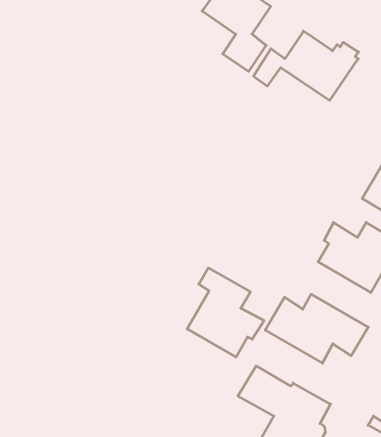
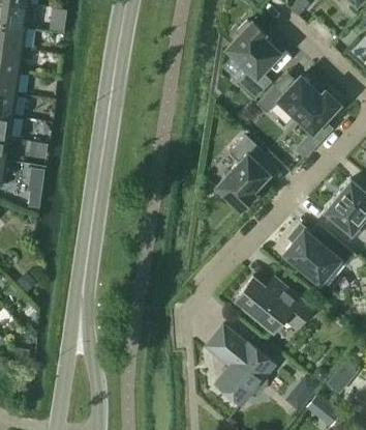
building: none -> [217,136,269,209]
building: [187,268,264,357] -> none

